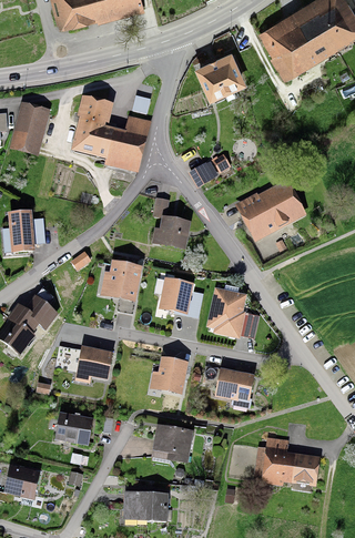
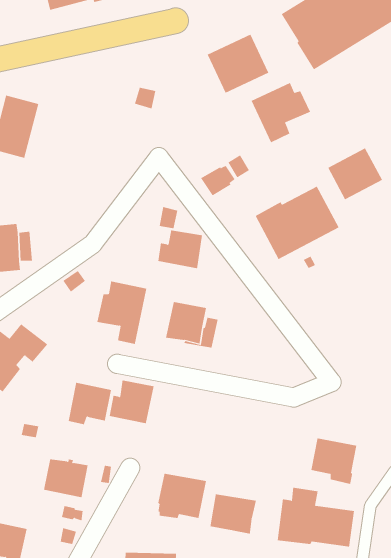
building: none -> [251,82,311,143]
building: [71,95,152,172] -> none
building: none -> [327,147,383,200]
building: [206,283,260,338] -> none
building: [150,356,189,394] -> [109,380,154,424]
building: [215,368,255,408] -> [310,438,357,485]
building: none -> [210,494,257,535]

